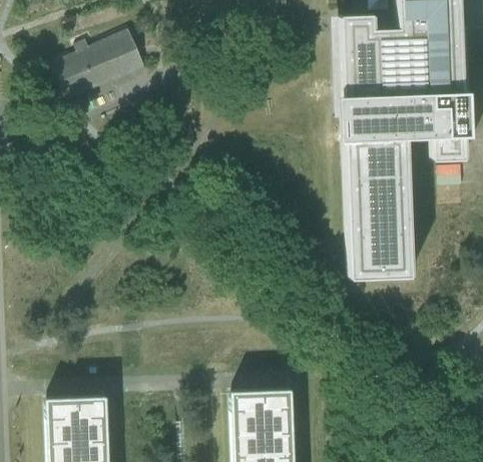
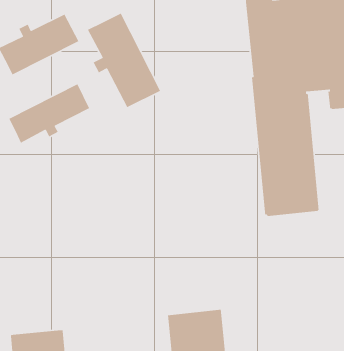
building: none -> [87,12,161,108]
building: none -> [8,83,90,144]

